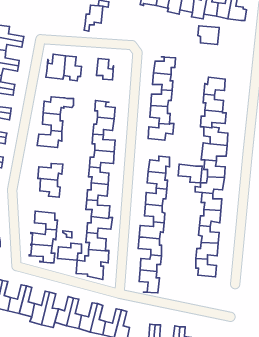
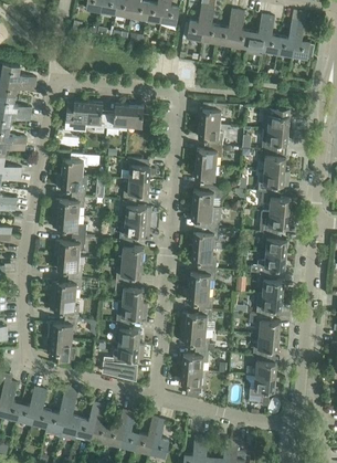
building: [84,5,103,31] -> [106,105,129,137]
building: [198,26,219,44] -> [263,108,289,131]
building: none -> [52,214,85,238]
building: [178,164,202,183] -> [190,206,220,229]
building: [57,243,81,260] -> [51,277,81,298]
building: none -> [245,375,275,407]

